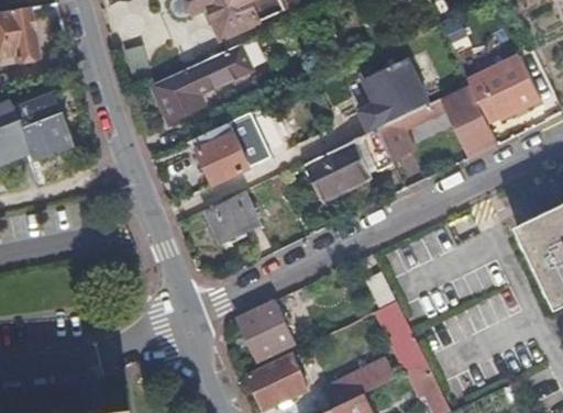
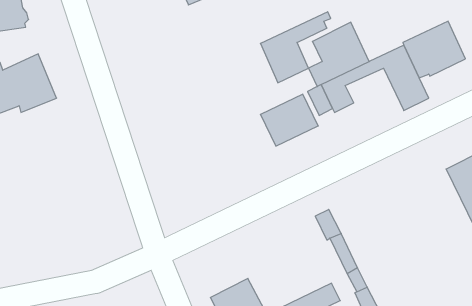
building: [153,41,254,122] -> none
building: [195,102,275,183] -> [260,12,331,83]
building: [207,190,258,239] -> none
building: [239,300,295,359] -> none

